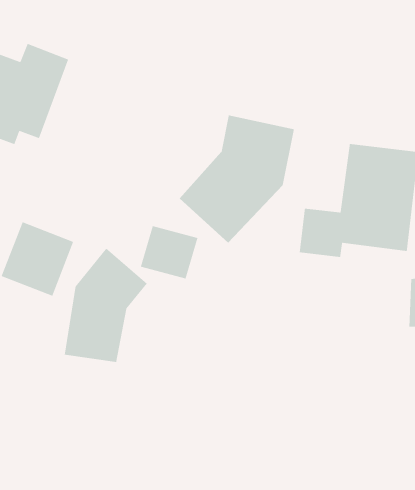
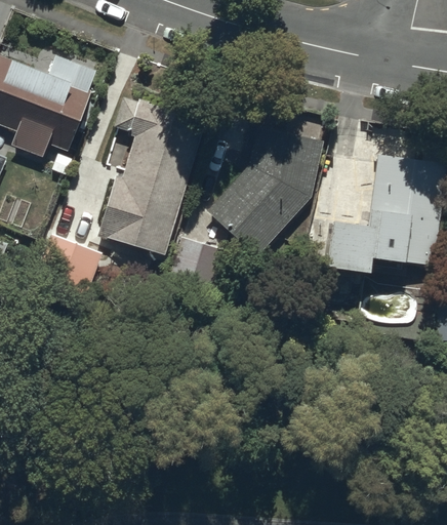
building: none -> [98,97,207,255]
building: [64,247,148,363] -> none

